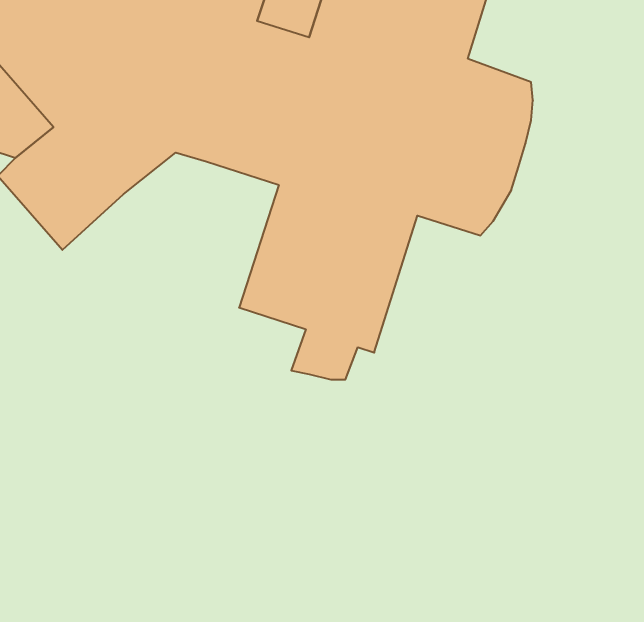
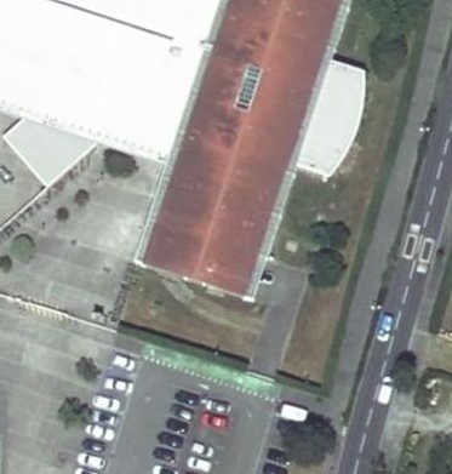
building: none -> [92,115,261,293]

